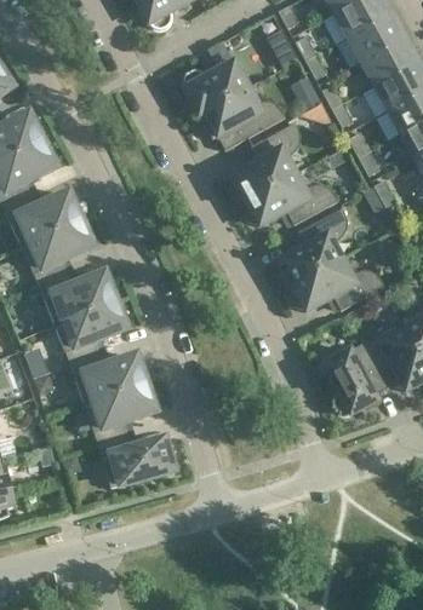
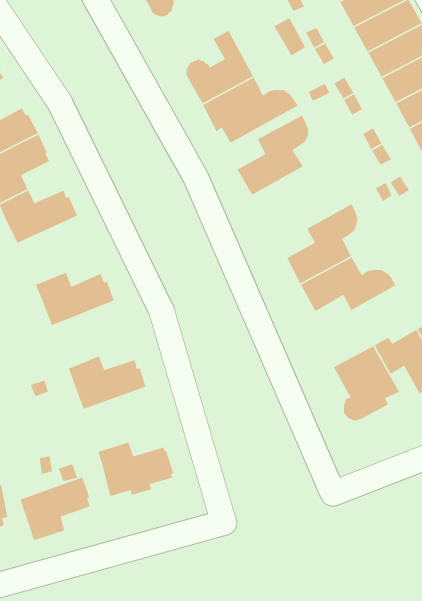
building: [246,172,338,225] -> none
building: [22,219,91,284] -> none
building: [55,300,124,364] -> none
building: [85,382,153,444] -> [20,476,91,541]

